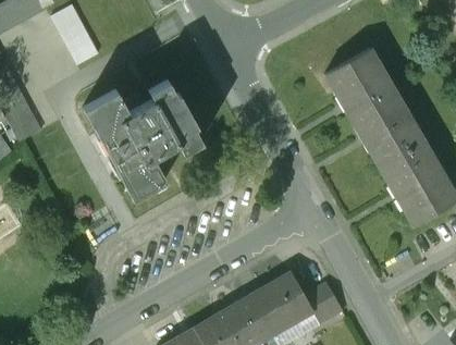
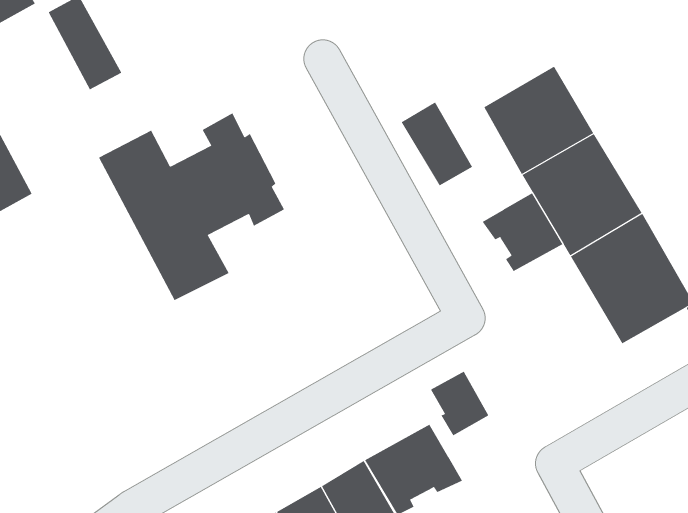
building: none -> [401,101,473,186]
building: none -> [482,192,563,272]
building: [305,284,342,325] -> [430,371,489,436]

